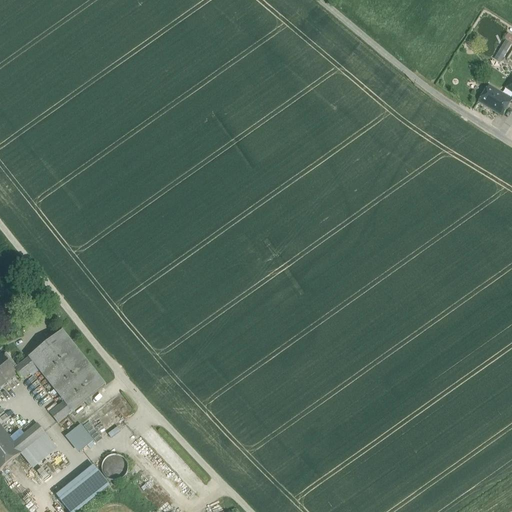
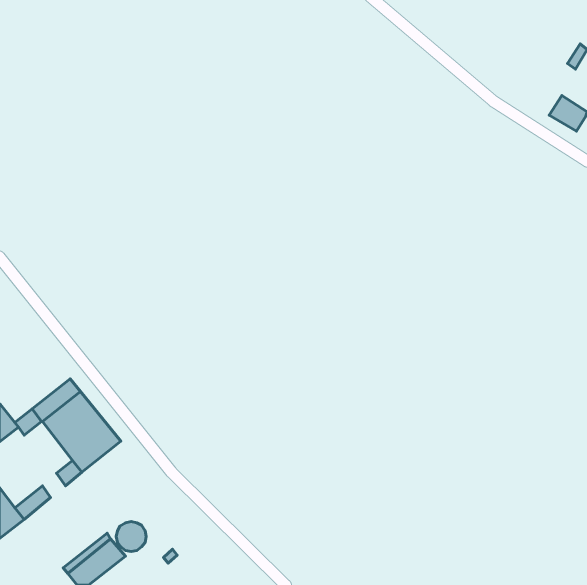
building: [65,420,93,448] -> none
building: [21,432,54,463] -> none

